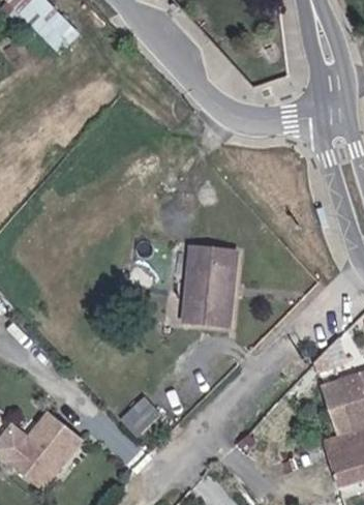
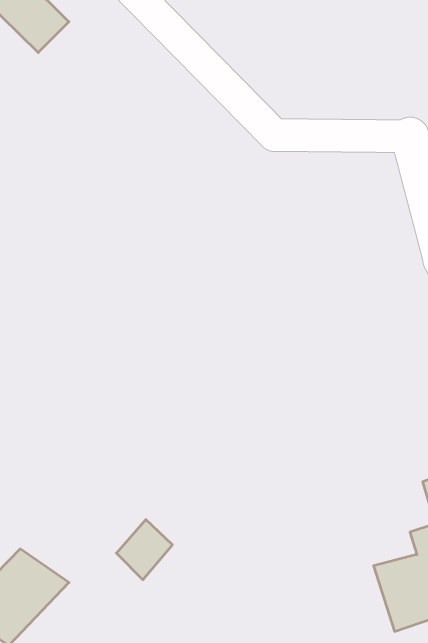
building: [185,246,231,326] -> none

